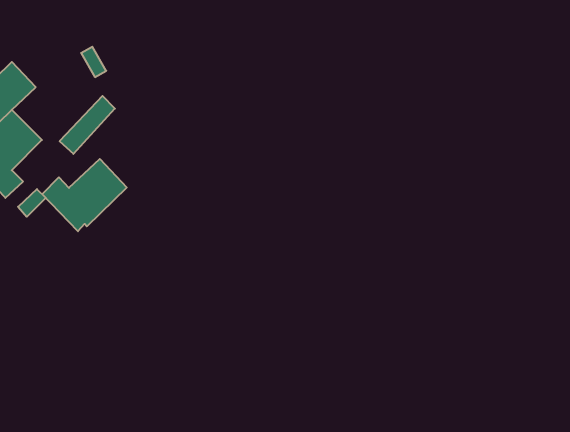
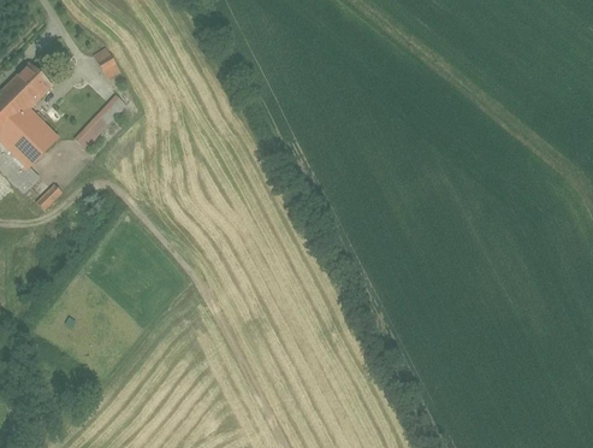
building: [42,159,127,231] -> none

